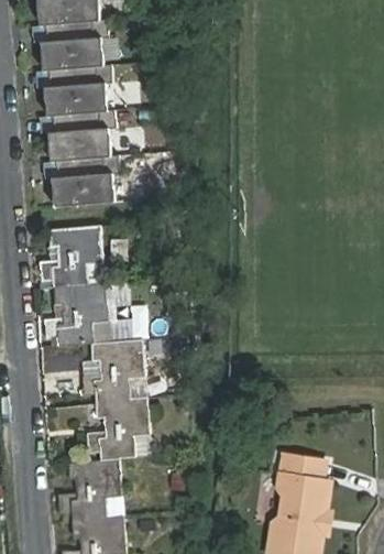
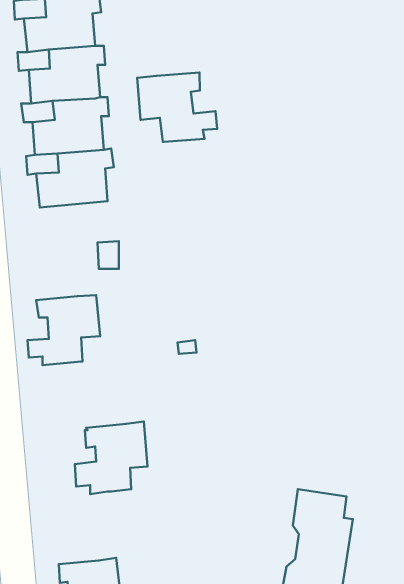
building: none -> [137,72,217,142]
building: [39,226,103,289] -> none
building: [81,338,145,401] -> none
building: [57,457,121,521] -> none

